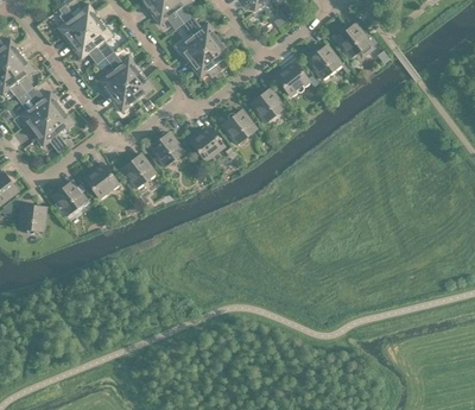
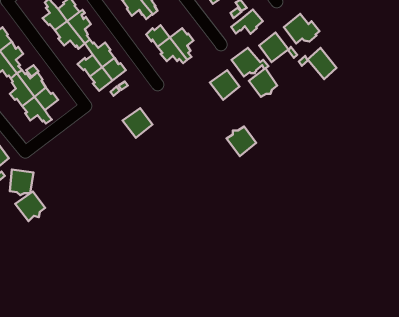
building: none -> [231,9,263,34]
building: [183,19,217,50] -> none
building: none -> [299,48,337,79]
building: none -> [249,68,277,97]
building: [221,109,255,144] -> [227,126,256,156]
building: [189,126,223,160] -> none
building: [120,153,154,188] -> none
building: [83,164,118,197] -> none
building: [51,181,86,215] -> [15,191,45,221]

